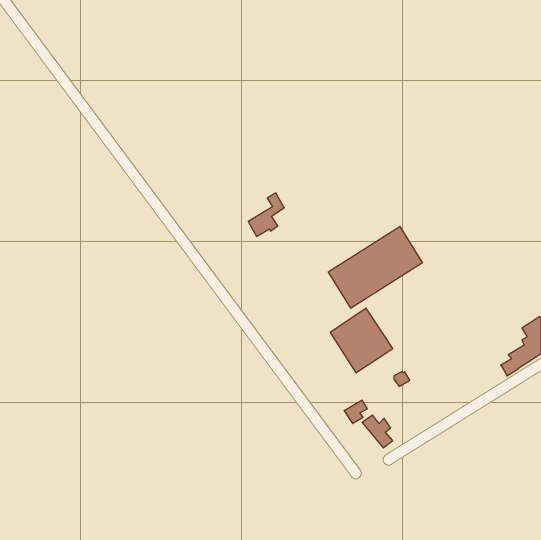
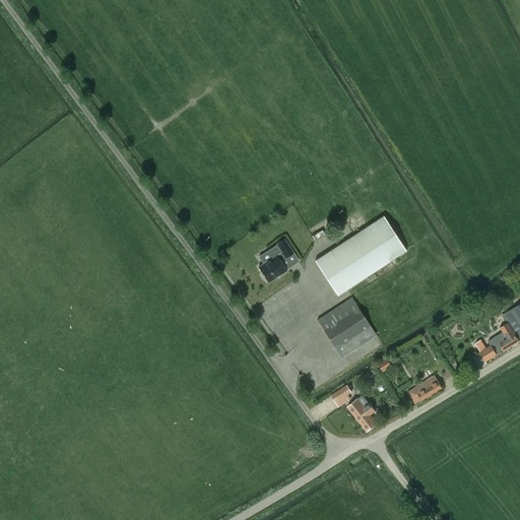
building: [248,193,284,236] -> [258,239,292,280]
building: none -> [408,374,442,403]

